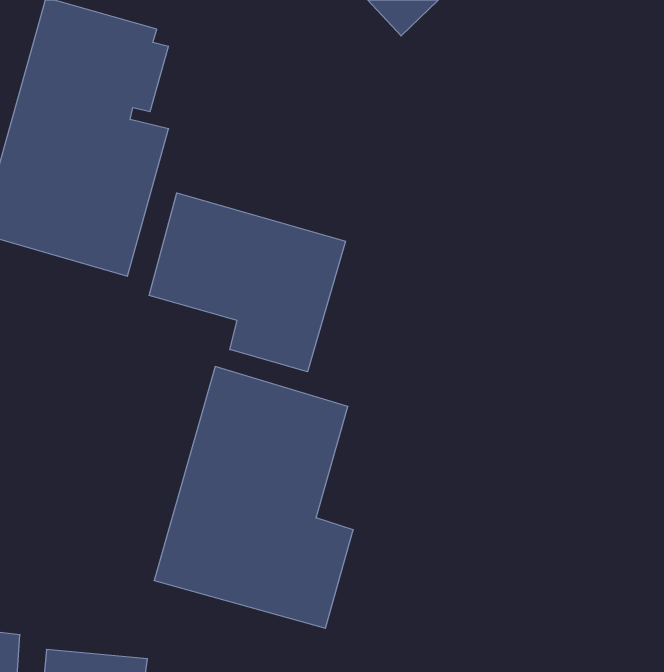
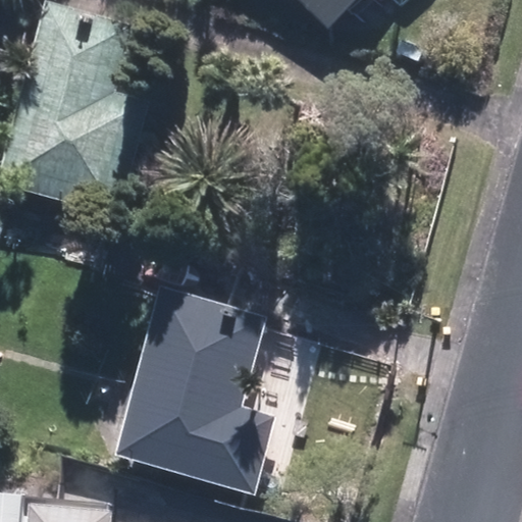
building: [149,193,346,372] -> none

